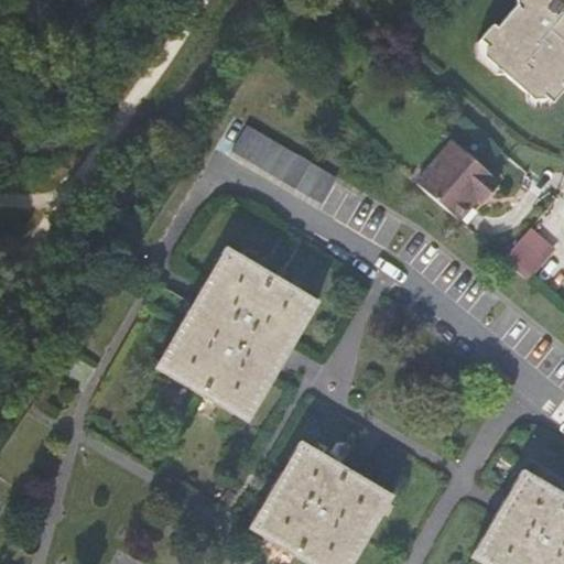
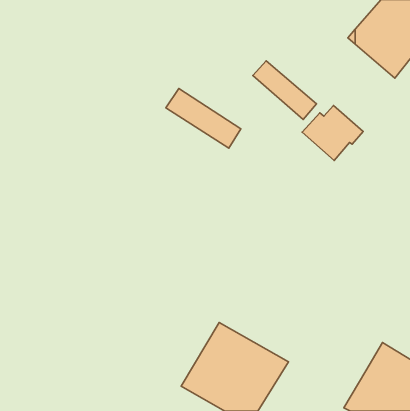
building: none -> [253,61,316,120]
building: [505,226,555,279] -> none
building: [155,246,321,423] -> none

